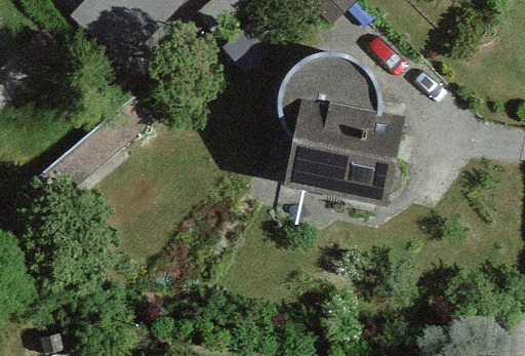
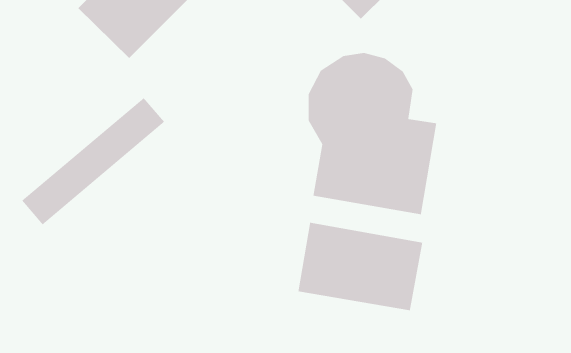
building: none -> [298,222,423,311]

